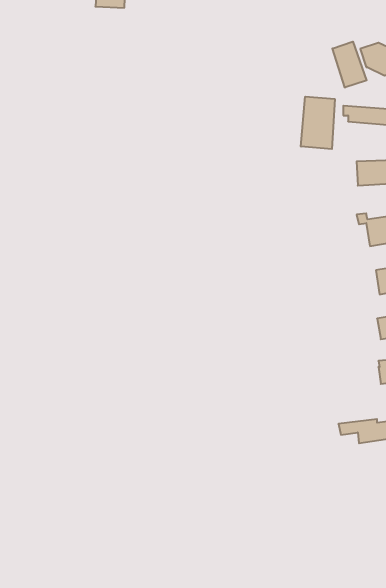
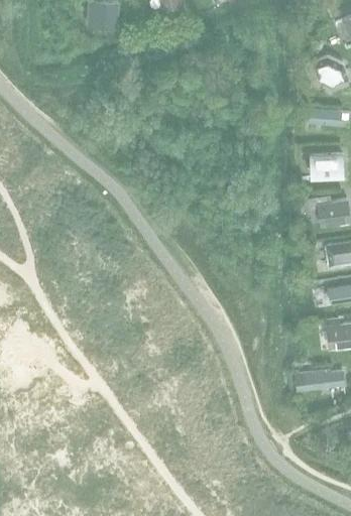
building: [332,42,367,88] -> none
building: [301,97,335,149] -> none

